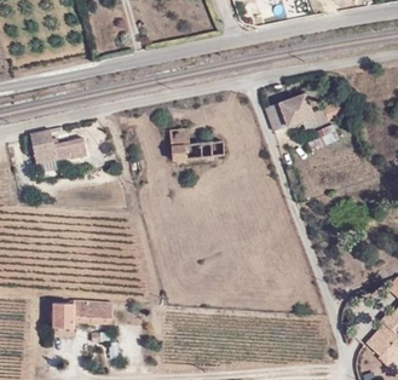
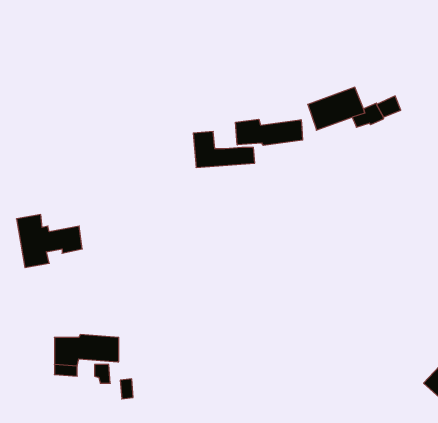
building: none -> [236,119,303,145]
building: [28,128,83,173] -> [16,215,82,268]

